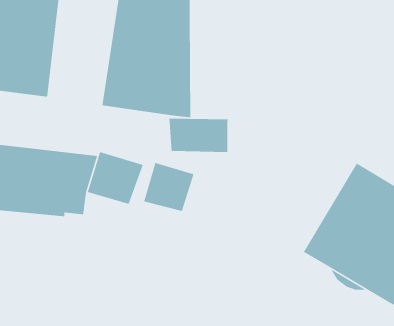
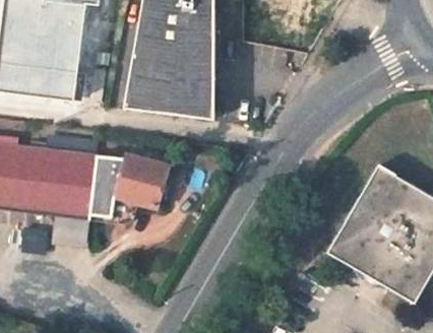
building: [168,118,229,153] -> none
building: [143,162,194,212] -> none

